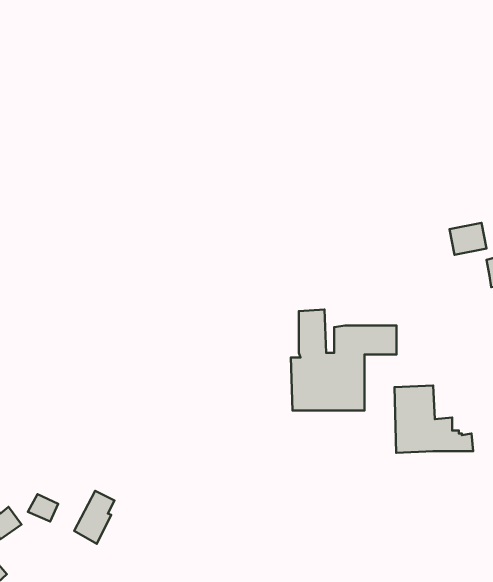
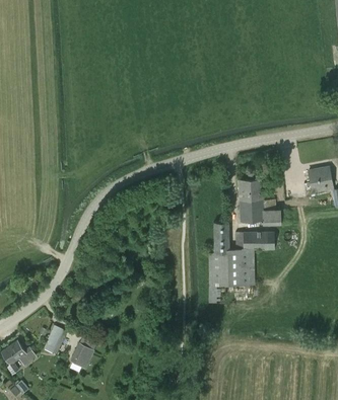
building: [395,386,473,453] -> [239,178,288,221]

